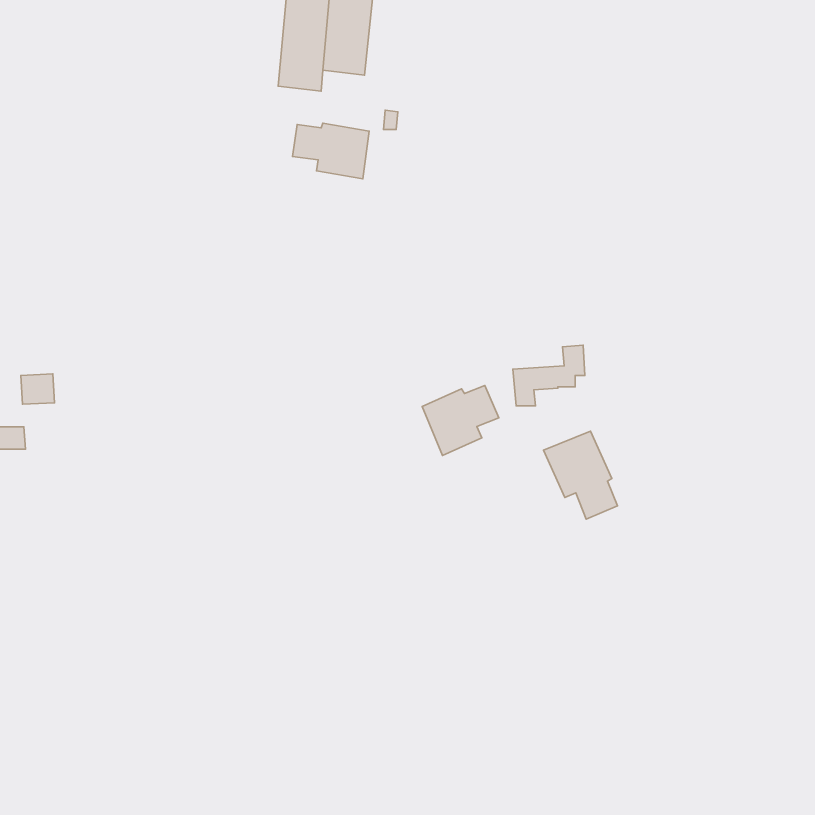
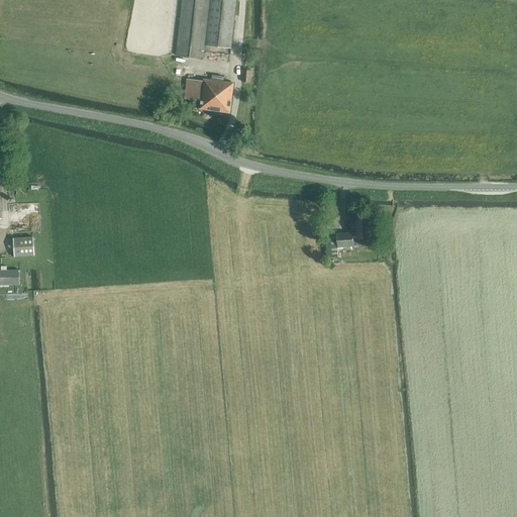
building: [422,385,499,455] -> none
building: [543,431,617,519] -> none

